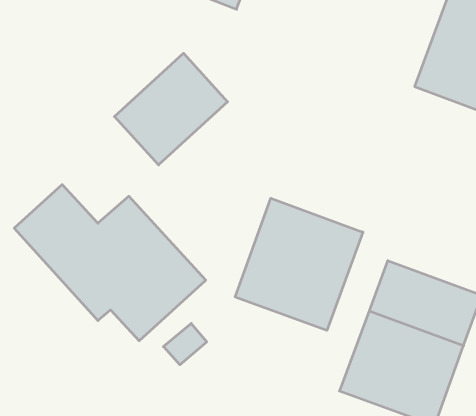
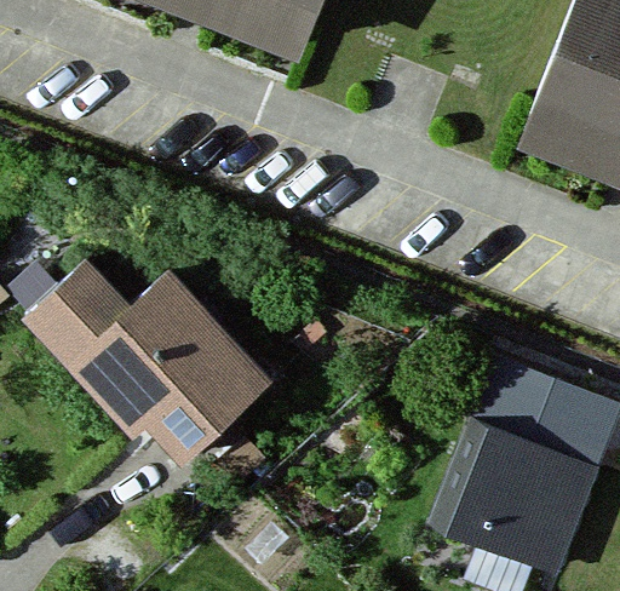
building: [114,53,228,165] -> none
building: [235,198,363,330] -> none

